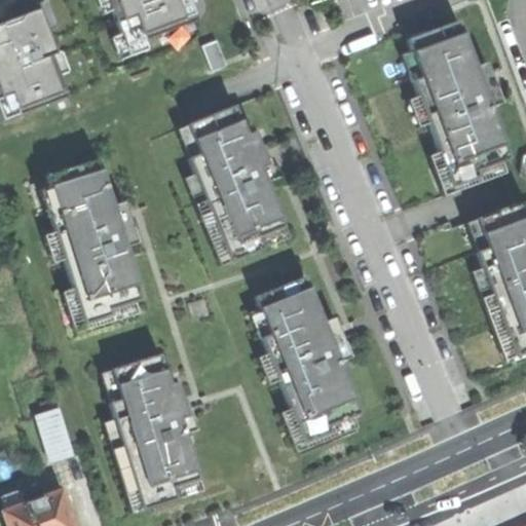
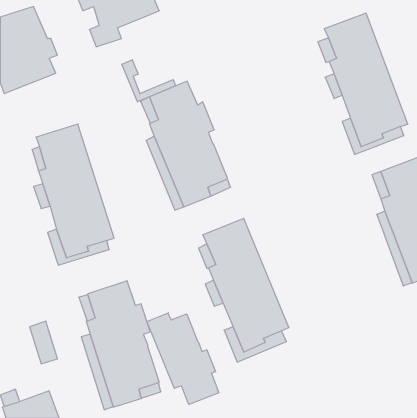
building: none -> [122,60,176,102]
building: none -> [147,313,219,404]

